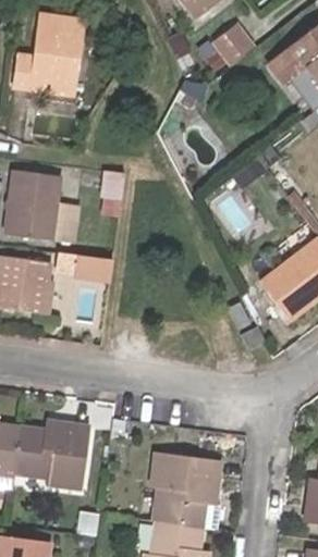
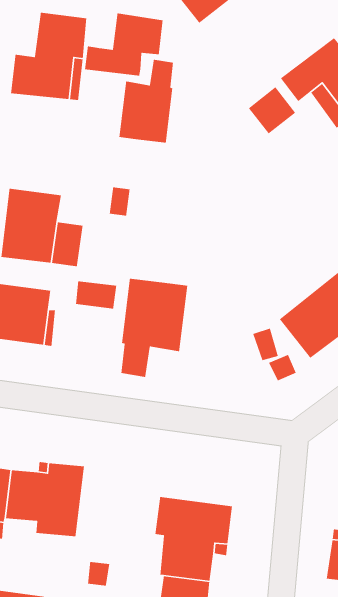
building: none -> [84,13,164,77]
building: [212,25,256,69] -> [248,86,296,135]
building: none -> [119,59,174,144]
building: none -> [121,278,188,378]

